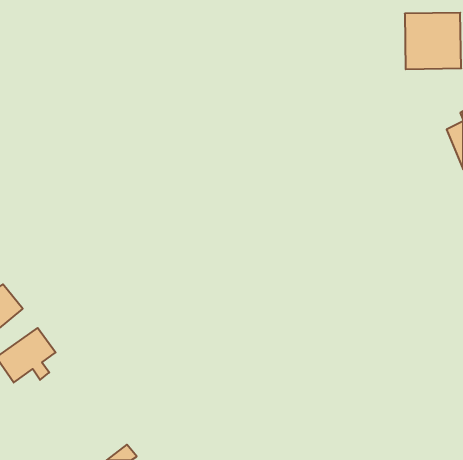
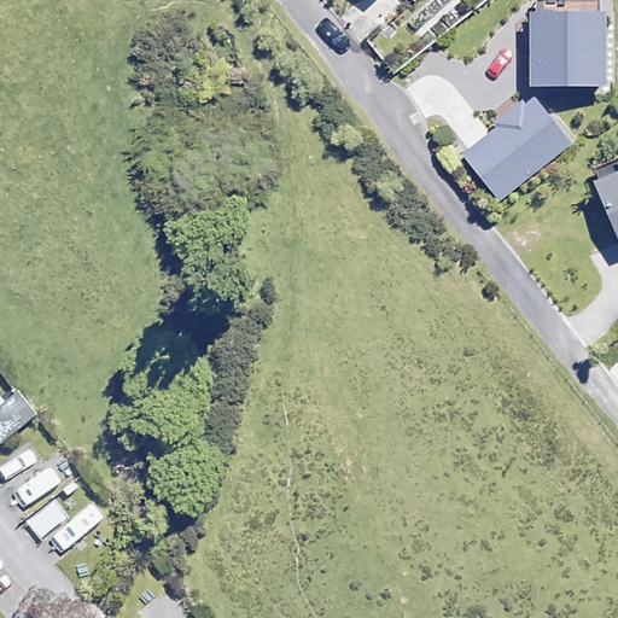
building: none -> [459,95,569,199]

